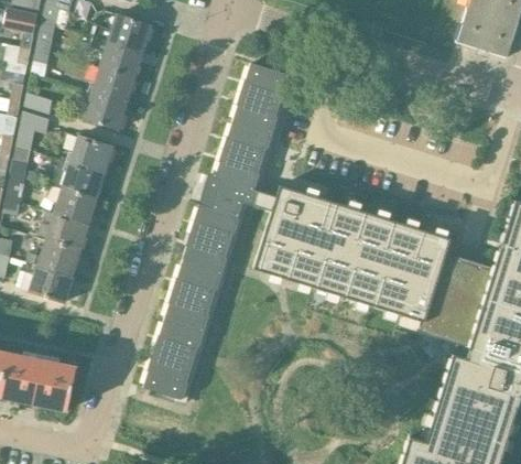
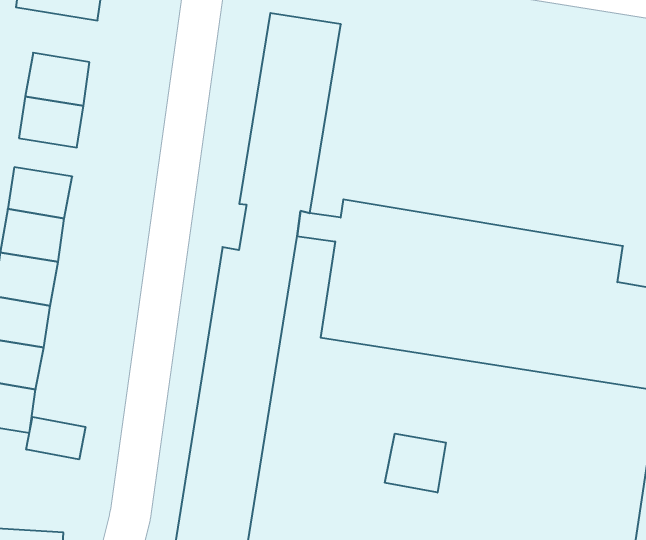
building: [89,35,143,76] -> none
building: none -> [26,417,85,459]
building: none -> [385,434,446,493]

